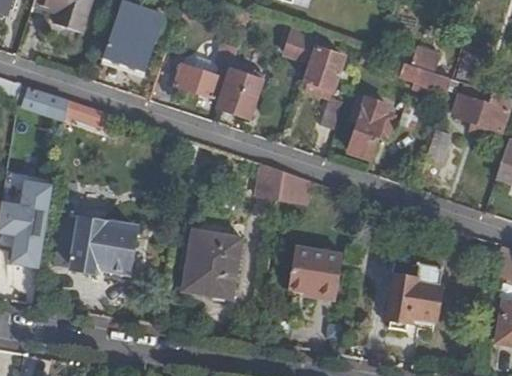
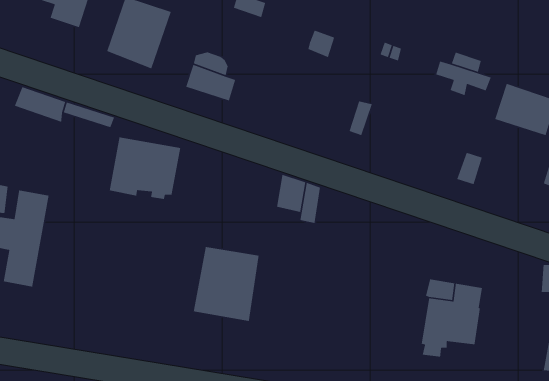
building: [305,50,343,90] -> none
building: [216,70,260,115] -> none
building: [348,96,385,157] -> none
building: [70,219,135,276] -> [109,136,181,200]
building: [289,246,344,299] -> none

